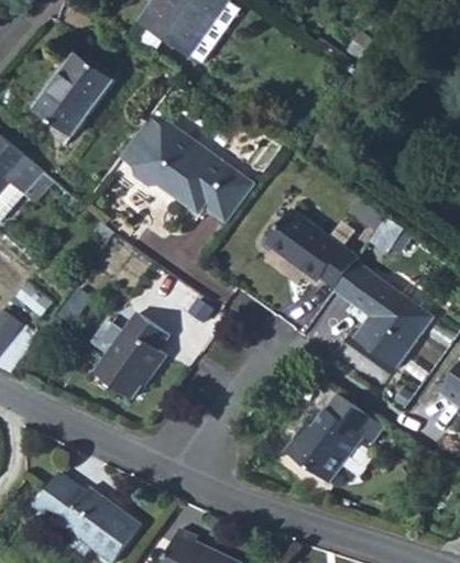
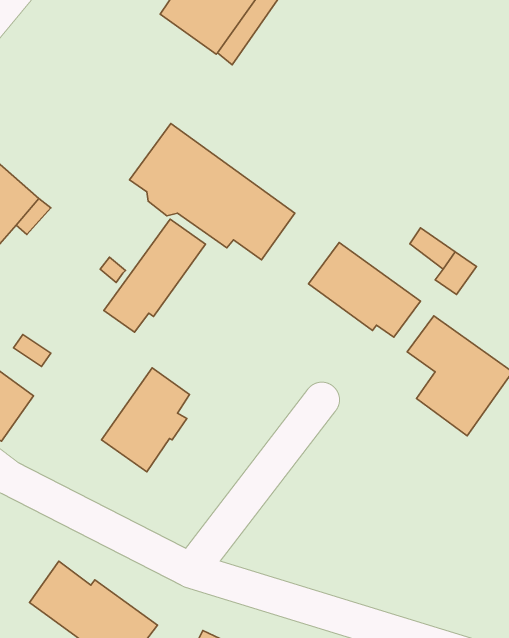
building: [33,52,111,135] -> none
building: none -> [104,219,206,332]
building: [284,394,383,483] -> none

